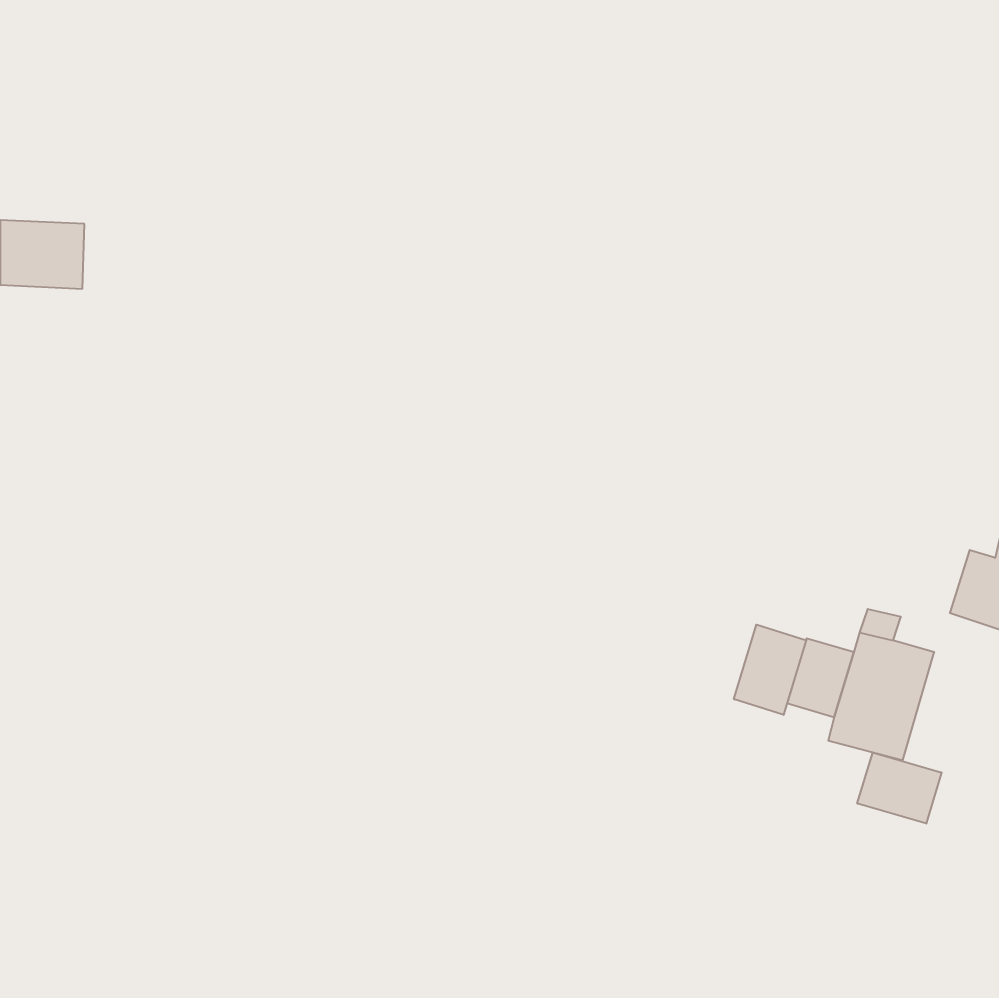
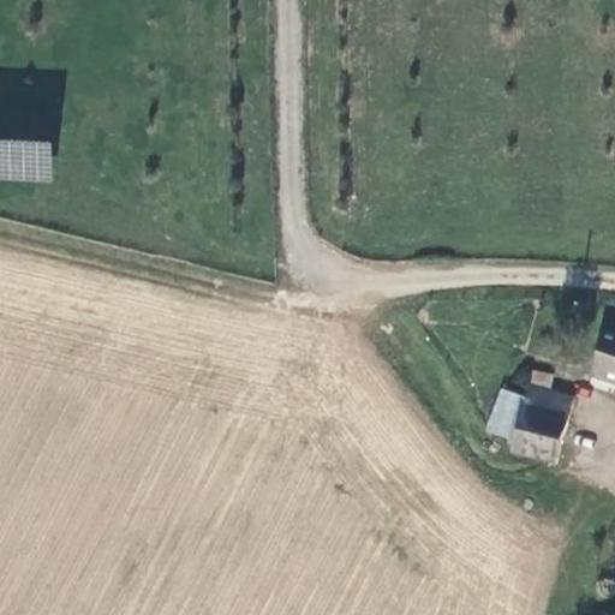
building: [734,625,806,715] -> none
building: [857,752,942,824] -> none

